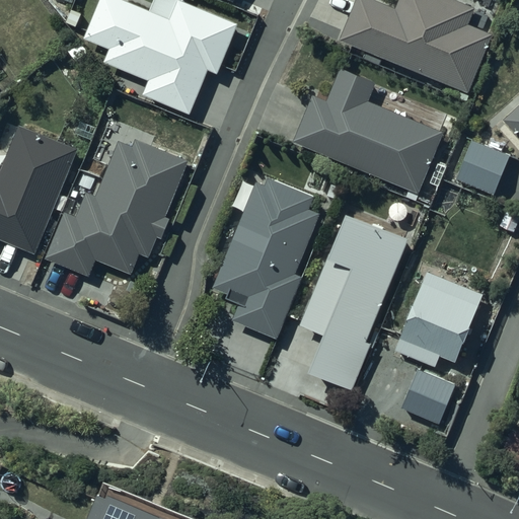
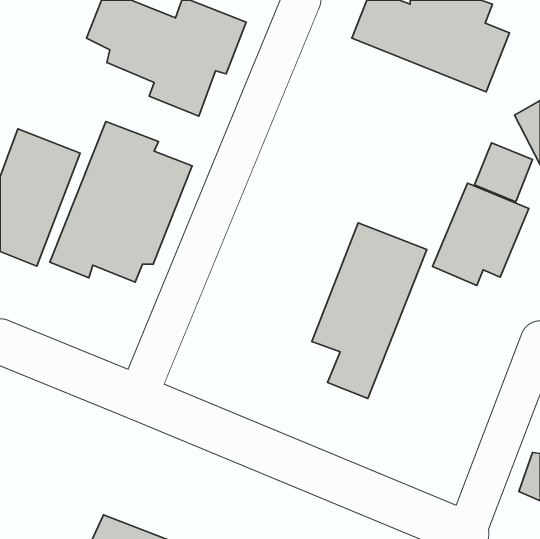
building: [282,67,446,200] -> none
building: [215,176,320,338] -> none
building: [395,277,488,375] -> [433,183,529,286]
building: [403,375,457,429] -> none

